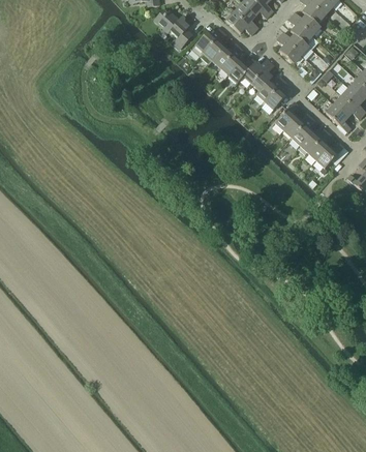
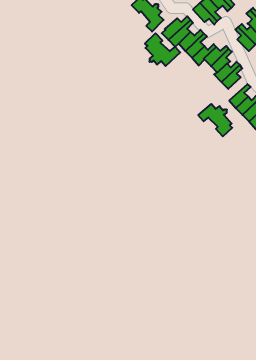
building: none -> [145,33,180,66]
building: none -> [198,104,232,136]

